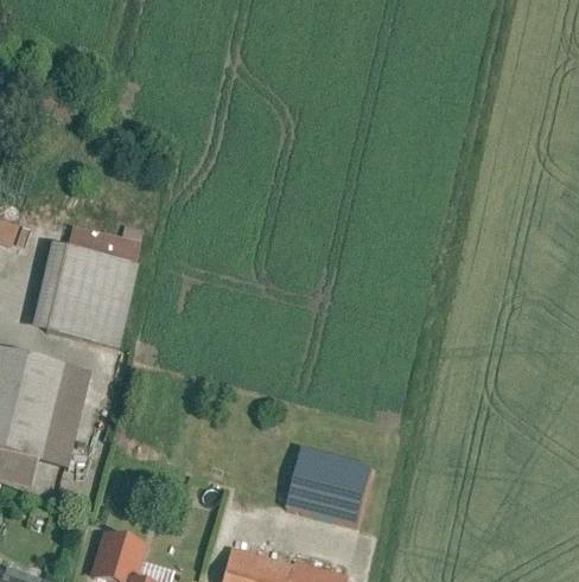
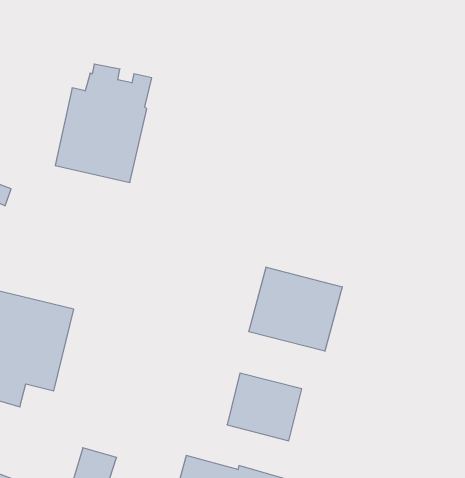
building: [31,213,146,354] -> [55,64,152,182]
building: none -> [249,267,342,351]

